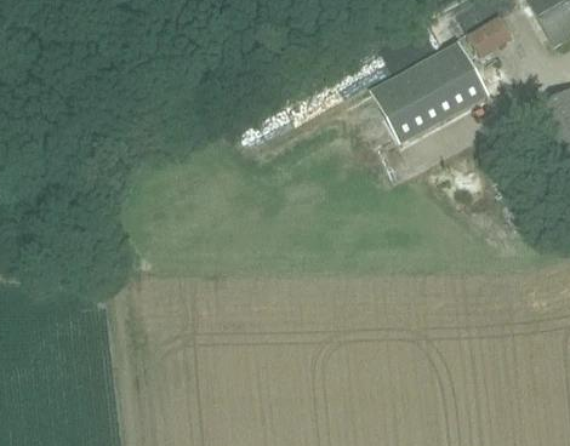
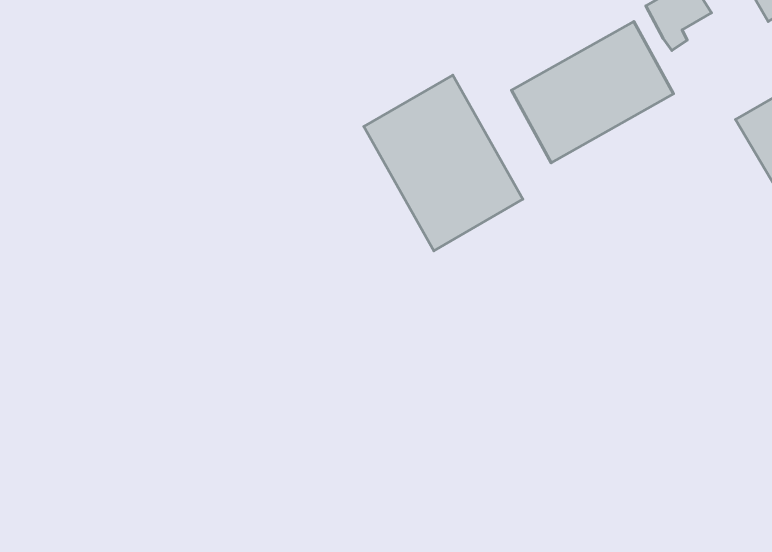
building: none -> [364,75,523,251]

